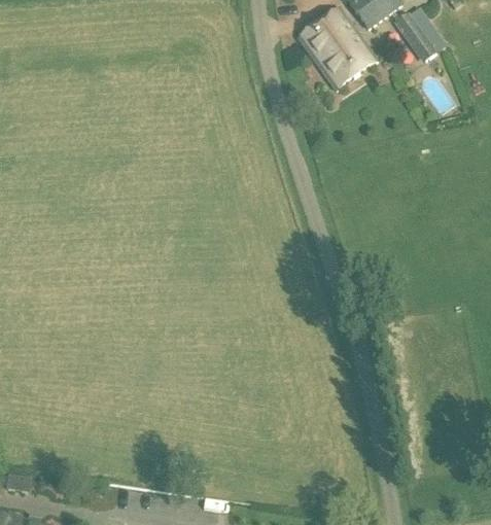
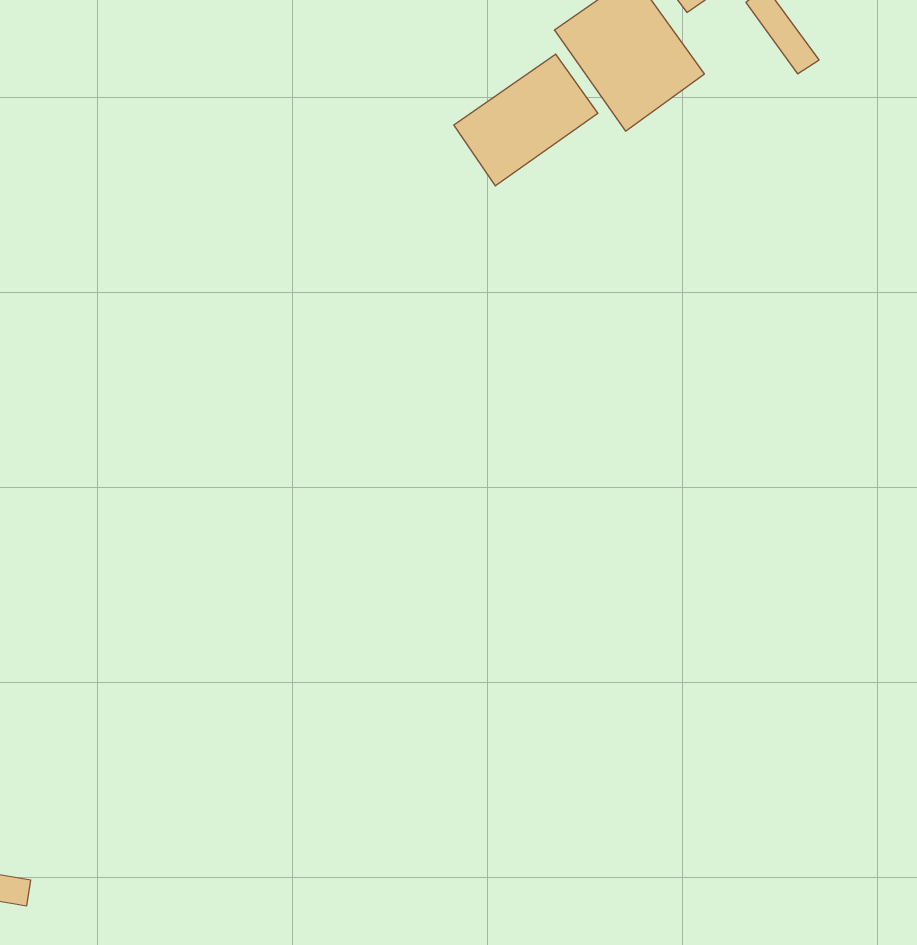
building: none -> [454,54,598,186]

